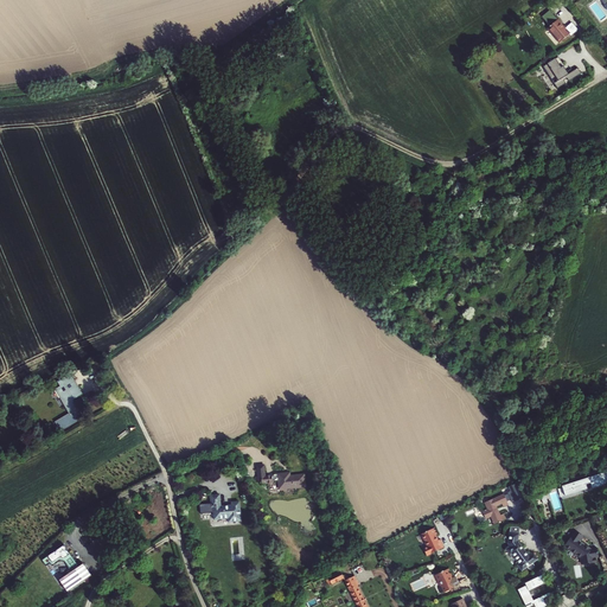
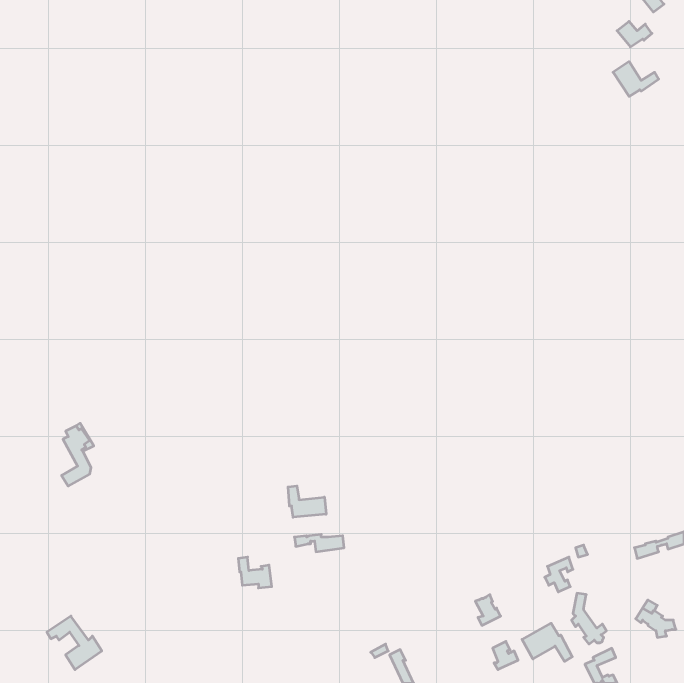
building: none -> [288,486,326,517]
building: none -> [522,623,572,661]

